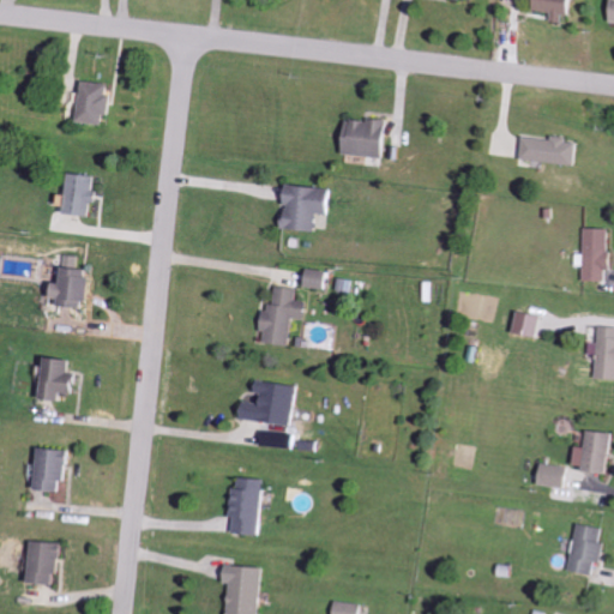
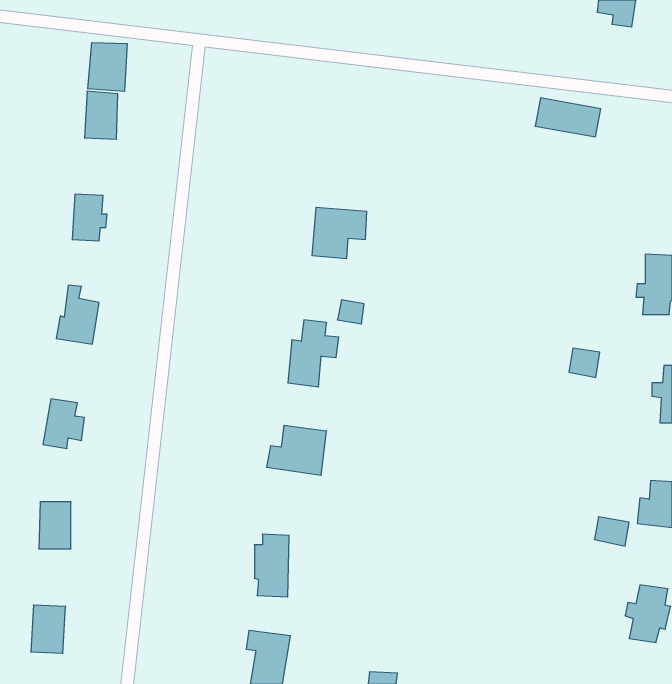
building: none -> [88,43,127,91]
building: [341,119,383,158] -> none
building: [516,133,574,168] -> [535,98,601,137]

